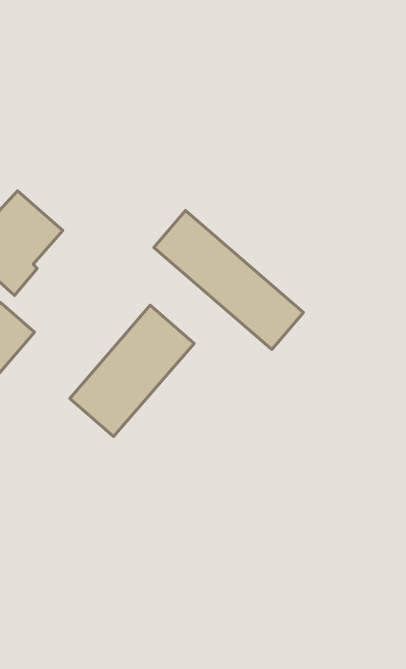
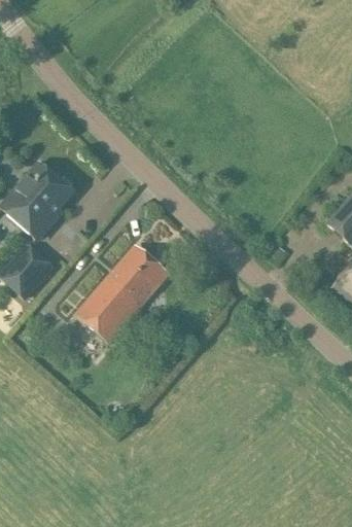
building: [154,211,303,350] -> none

